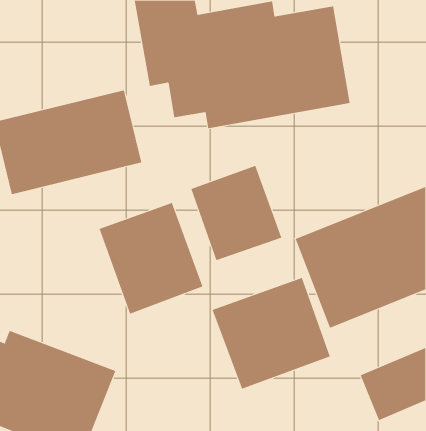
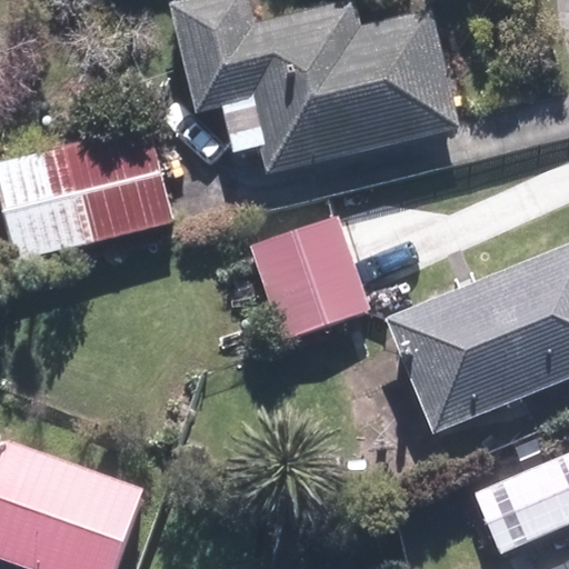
building: [99,202,203,314] -> none
building: [212,277,331,390] -> none

